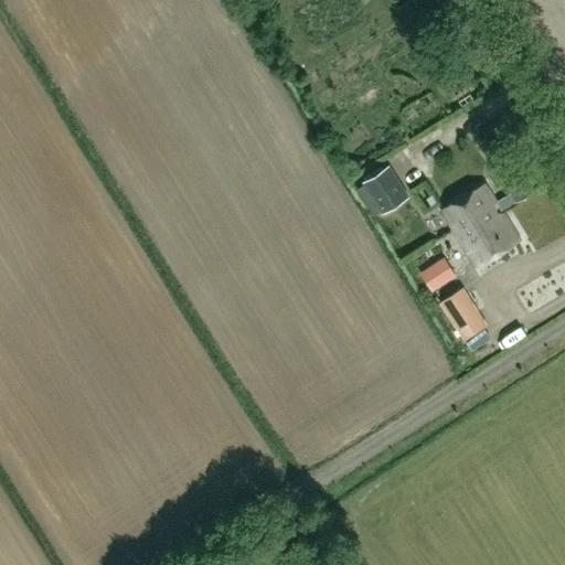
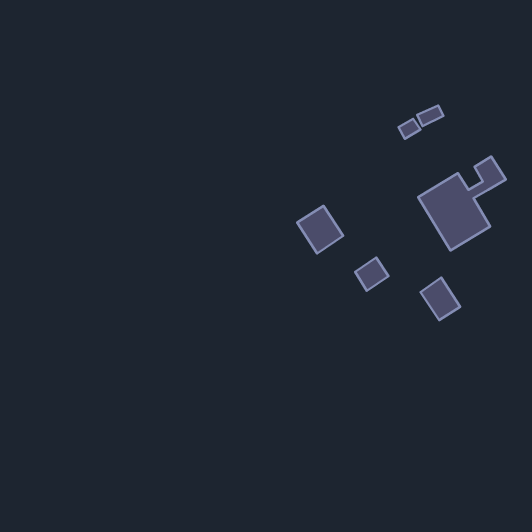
building: [360,166,408,216] -> [297,206,343,254]
building: [422,255,457,290] -> [355,257,389,291]

